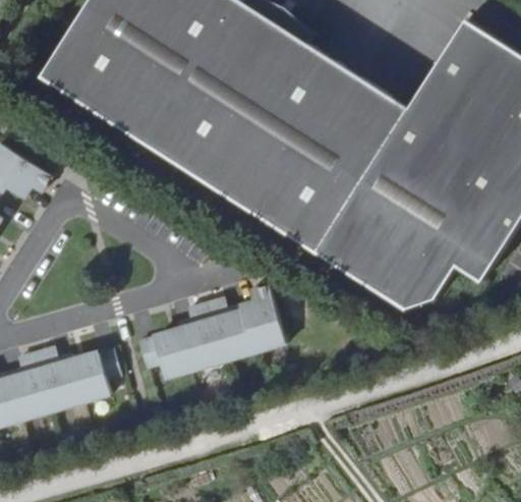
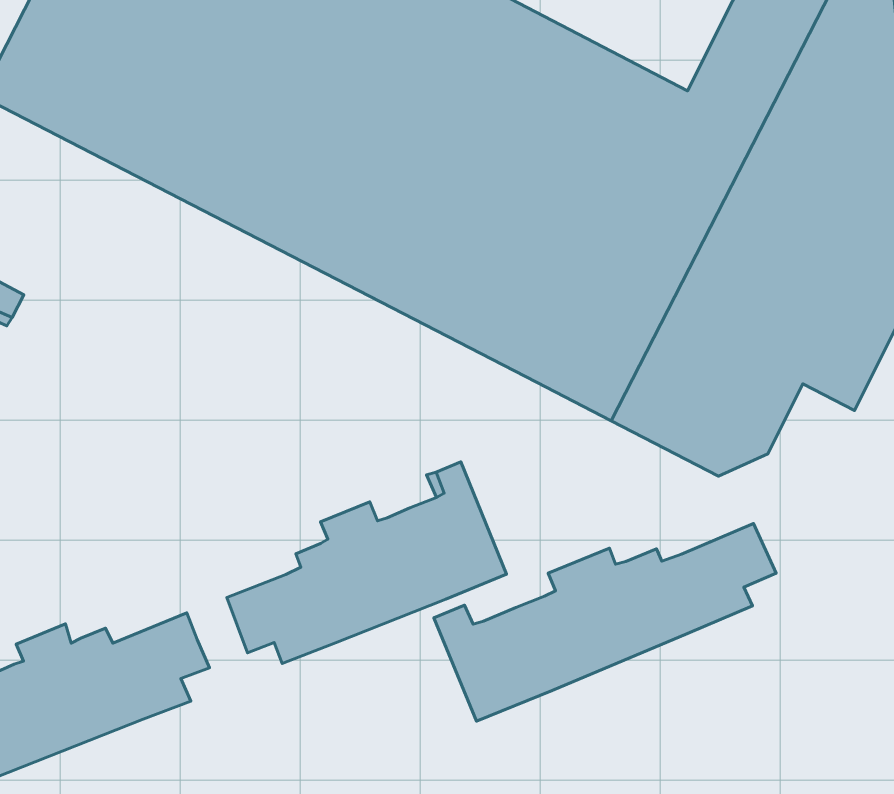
building: none -> [434,524,776,721]

